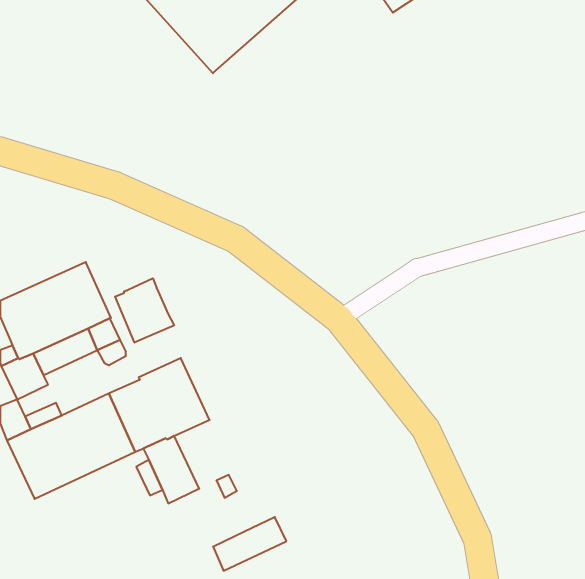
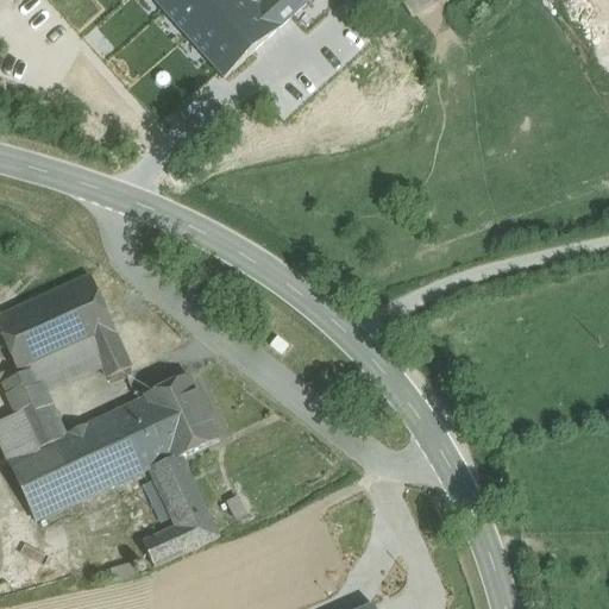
building: [115,278,174,343] -> none
building: none -> [18,400,58,433]
building: [213,517,286,571] -> [143,508,219,564]

